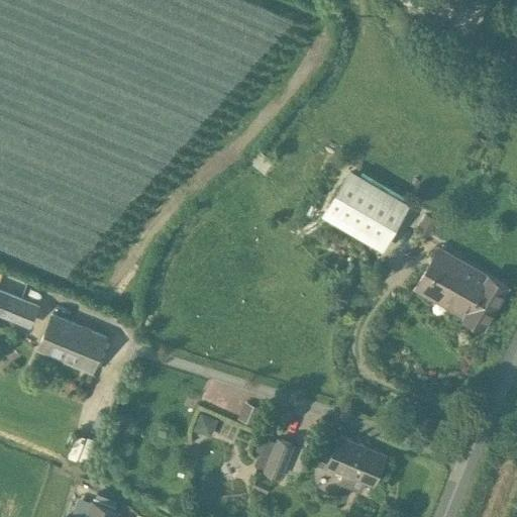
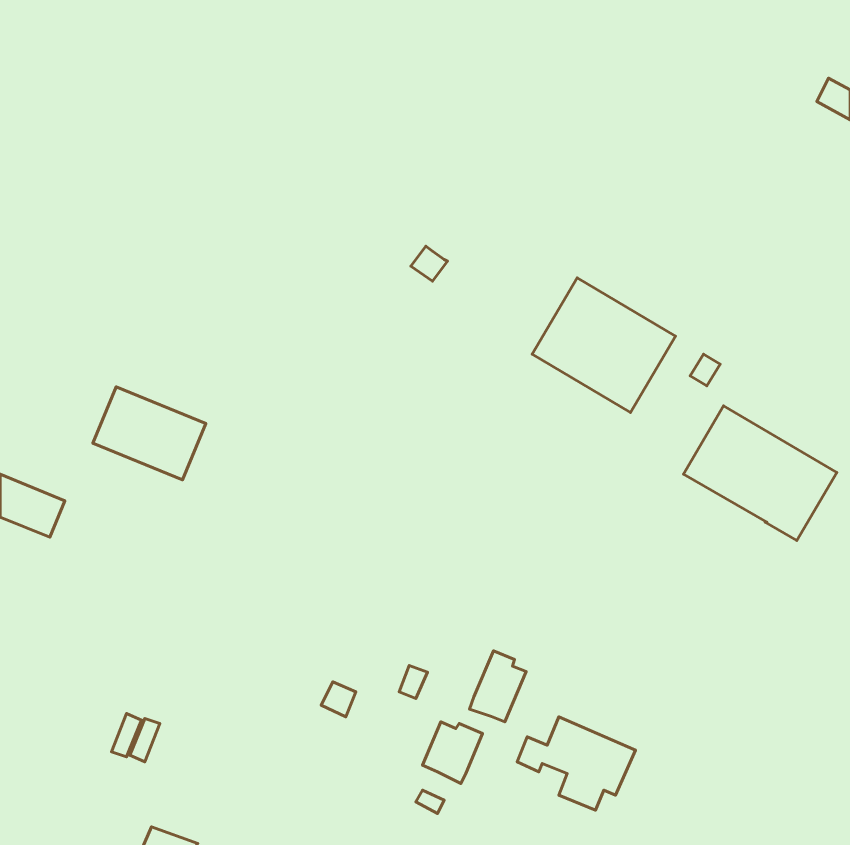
building: [38,317,107,374] -> [93,387,206,480]
building: none -> [469,651,526,722]

